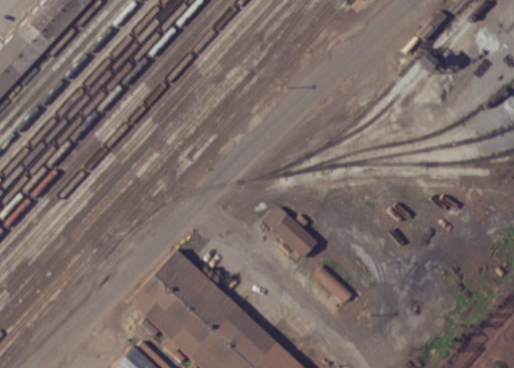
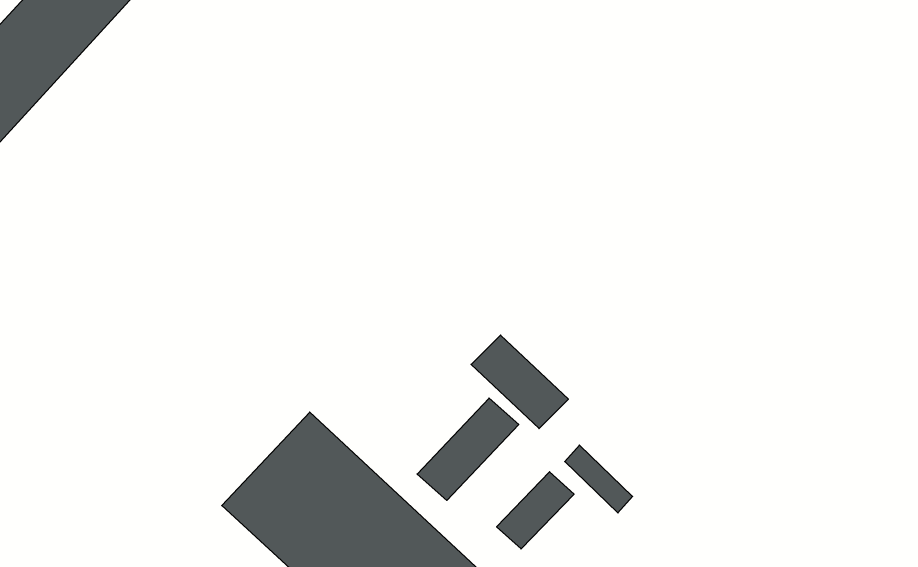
building: none -> [417,398,519,500]
building: none -> [497,472,574,549]

